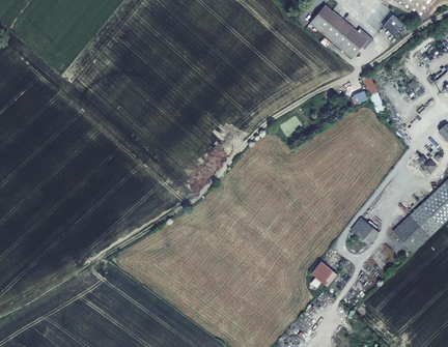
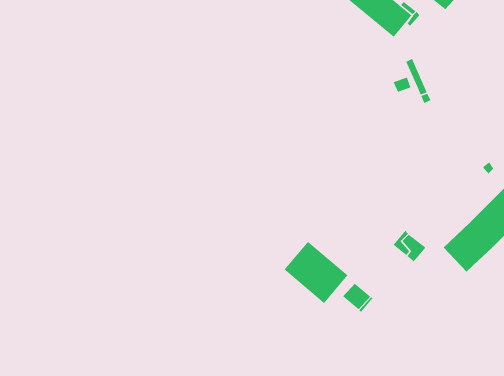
building: none -> [284,241,349,304]

